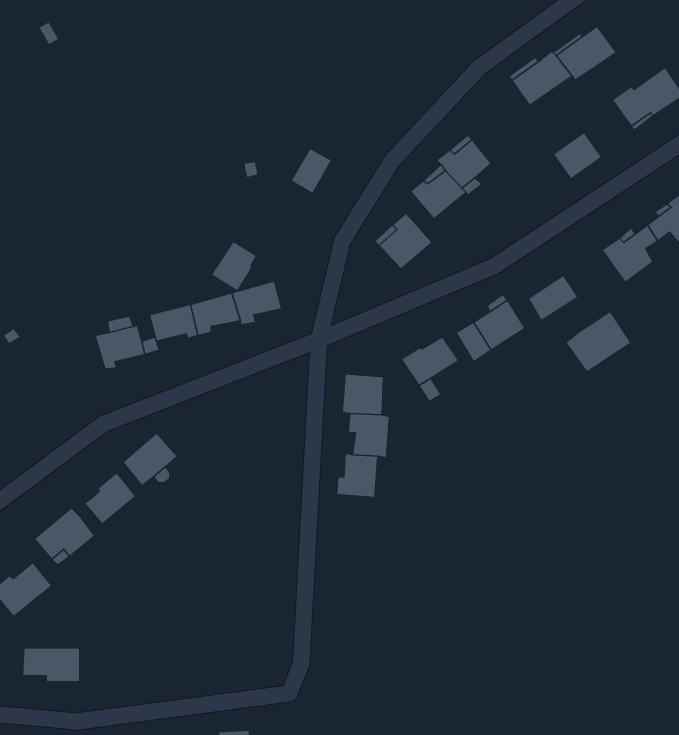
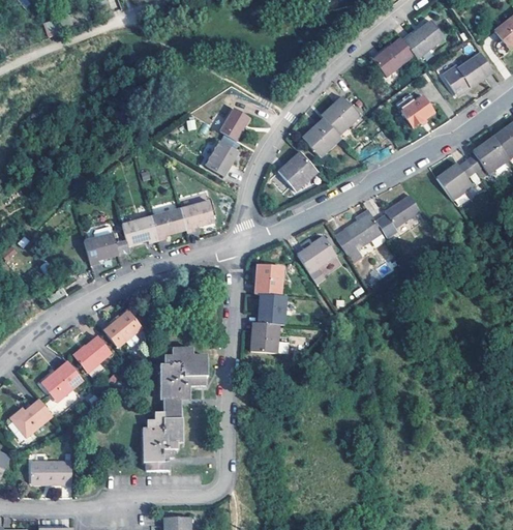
building: [211,241,257,291] -> [203,139,235,174]
building: [566,311,631,372] -> none
building: none -> [141,348,206,471]

